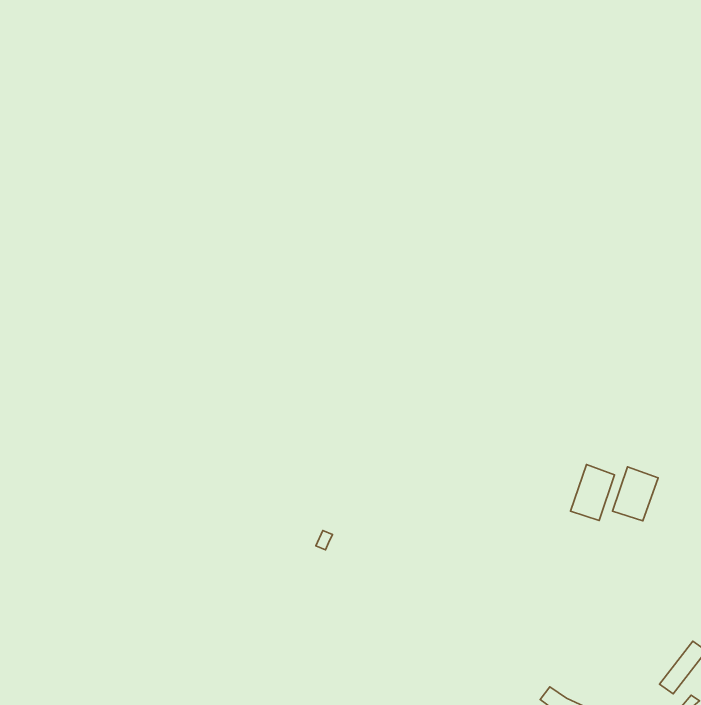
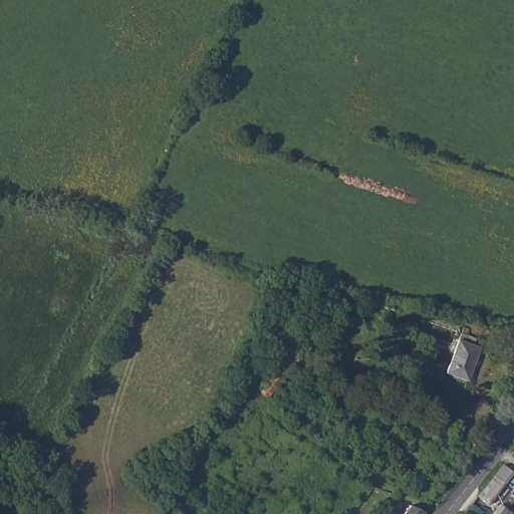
building: [570,464,614,520] -> none

